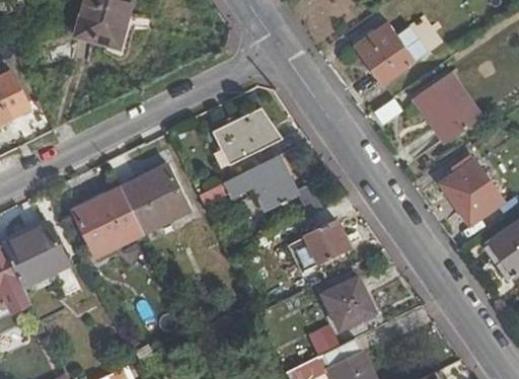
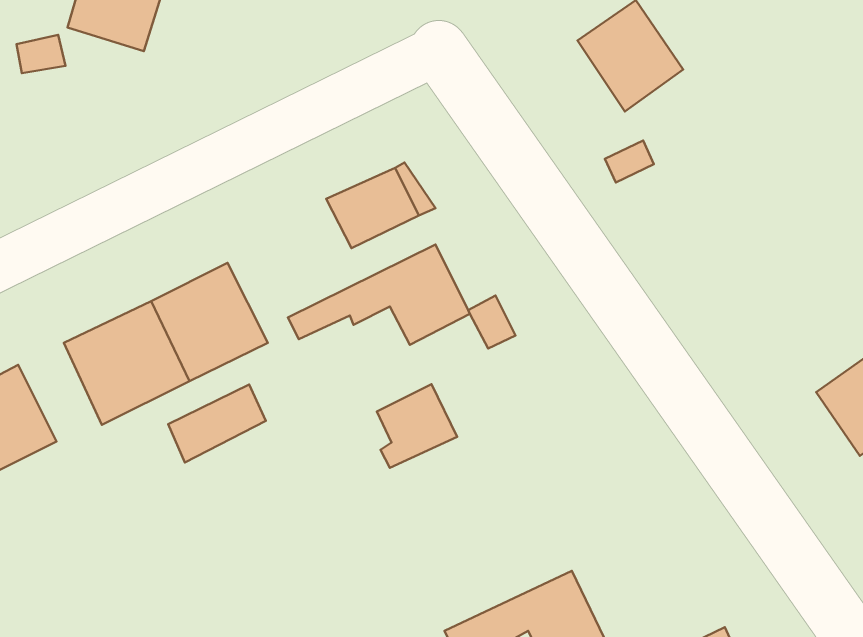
building: [415,71,480,139] -> none
building: [442,159,504,223] -> none
building: [304,221,349,268] -> [377,384,457,468]
building: none -> [168,385,266,463]
building: [321,279,375,330] -> none

